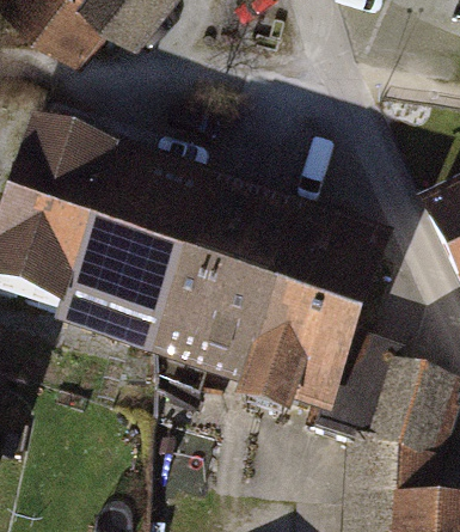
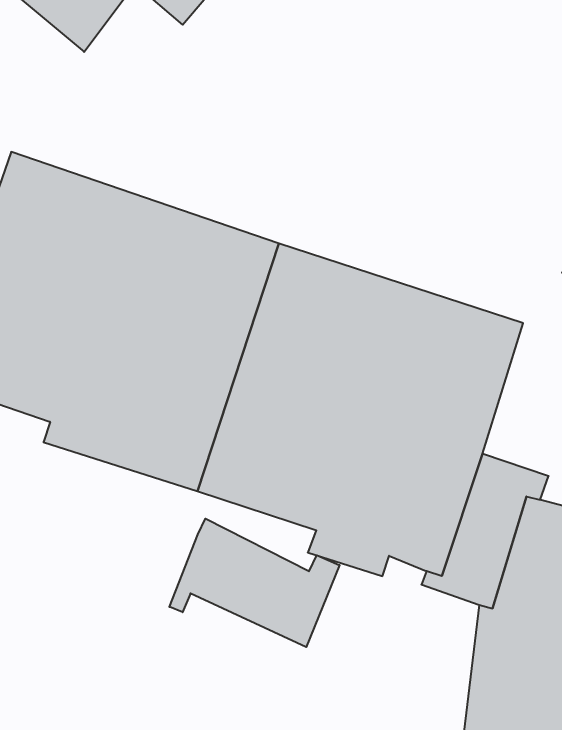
building: none -> [169,519,340,647]

